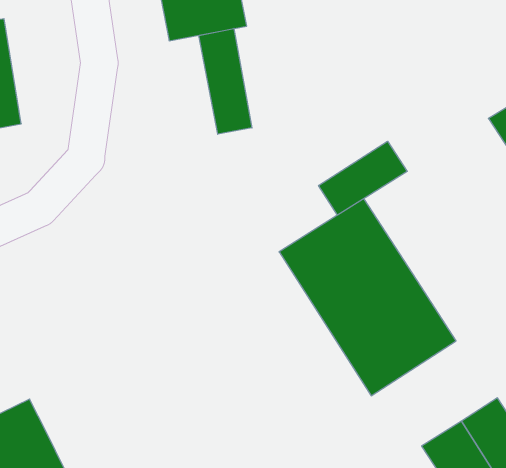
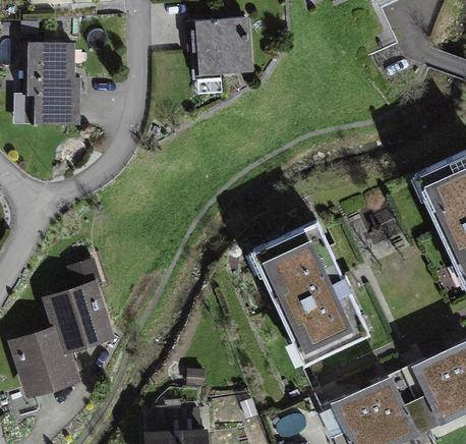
building: [199,28,252,134] -> none
building: [319,141,407,215] -> none
building: none -> [44,286,107,355]

